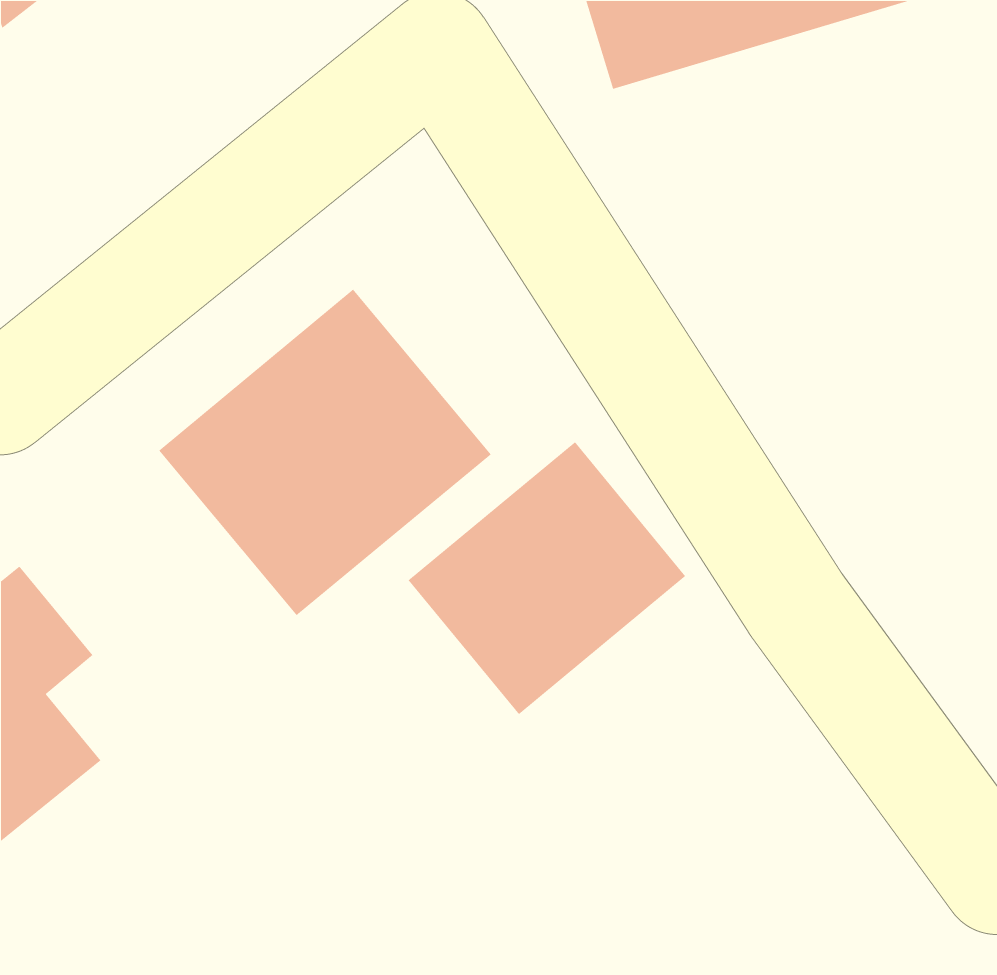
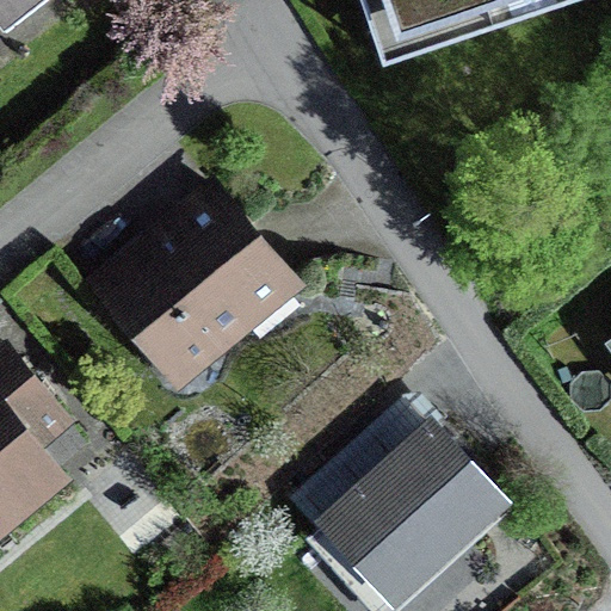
building: [407,441,686,715] -> none
building: none -> [316,414,508,604]

